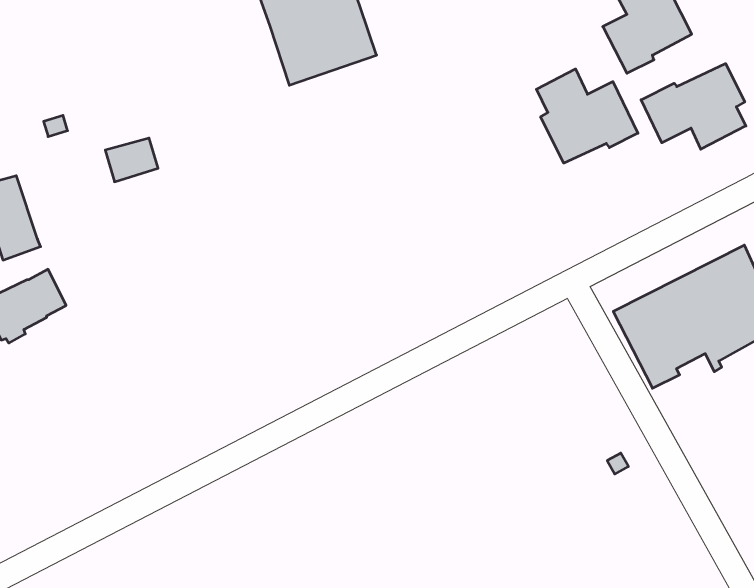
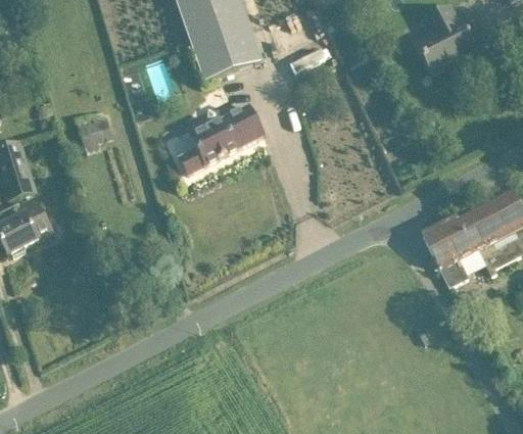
building: [641,64,746,149] -> none
building: [536,69,638,163] -> none
building: none -> [180,104,264,172]

